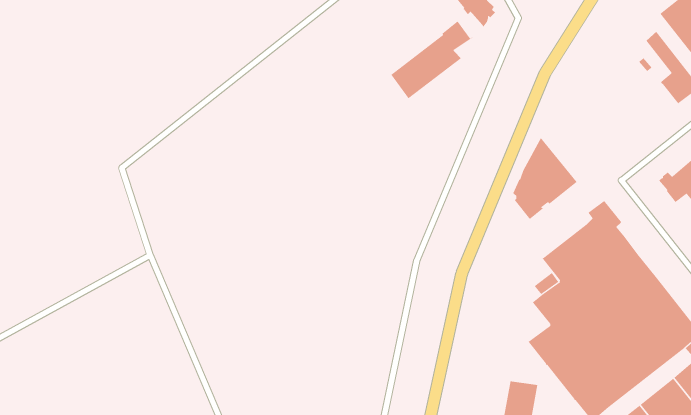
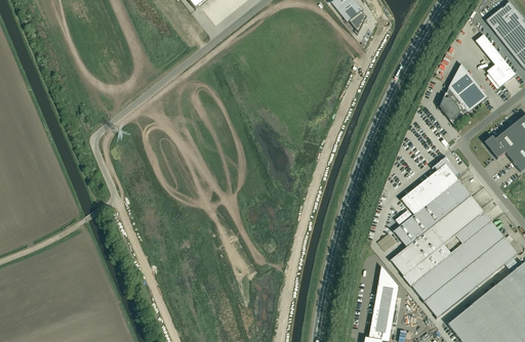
building: [390,20,473,99] -> none
building: [513,137,577,220] -> [441,62,488,123]

